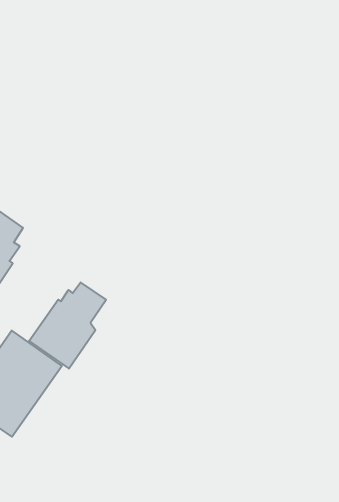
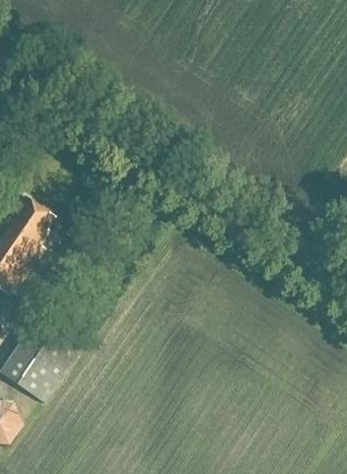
building: [29,282,106,369] -> none

